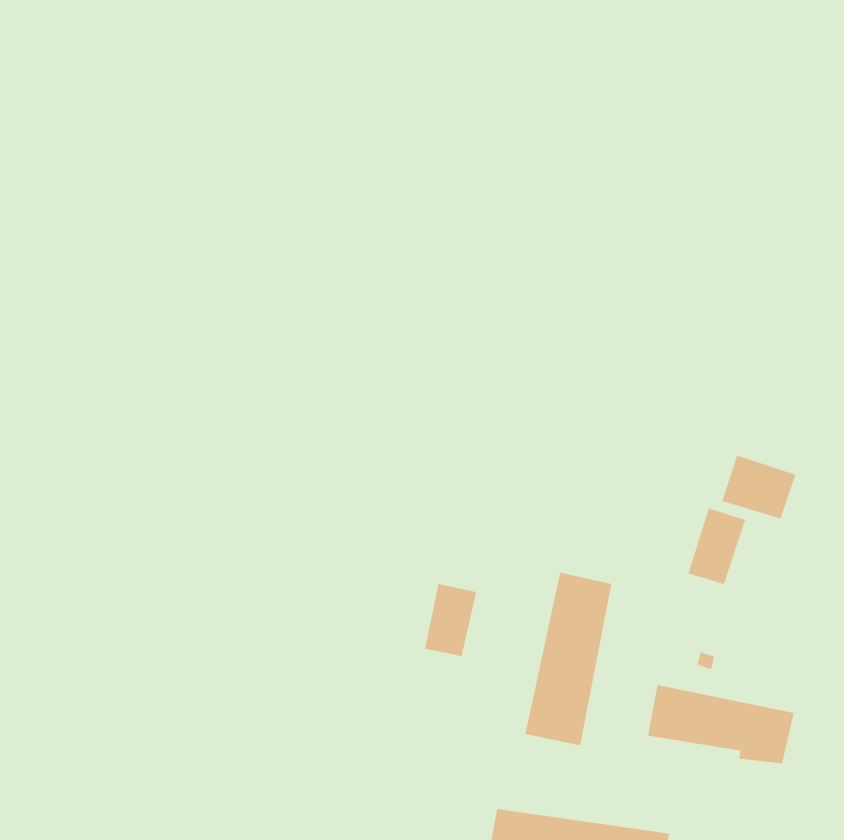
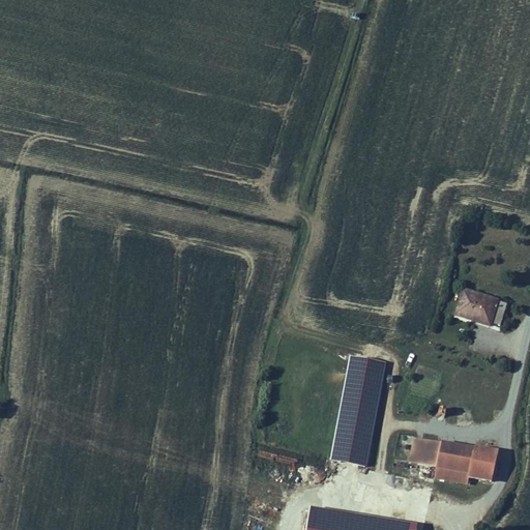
building: [688,507,746,585] -> none
building: [424,583,477,657] -> none

